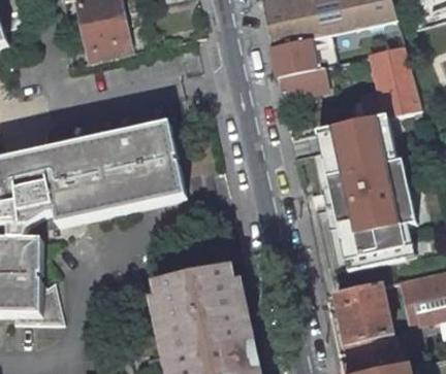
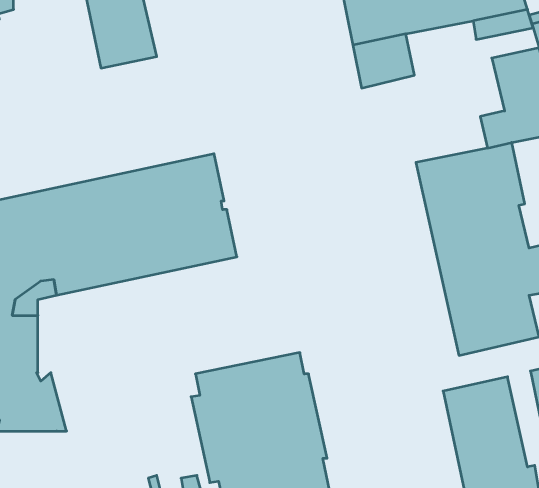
building: [277,65,327,95] -> none

